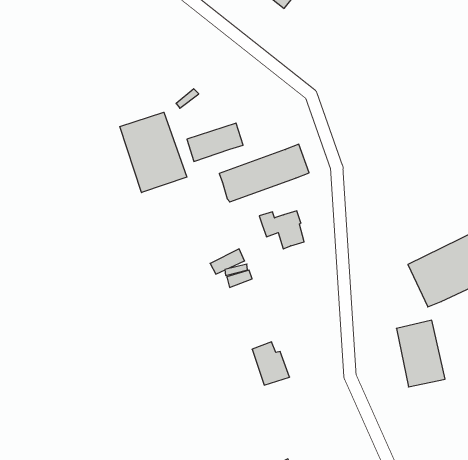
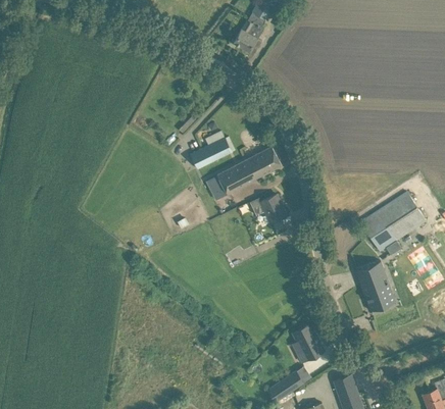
building: [120,112,187,193] -> none
building: [252,342,290,385] -> [293,326,323,358]

